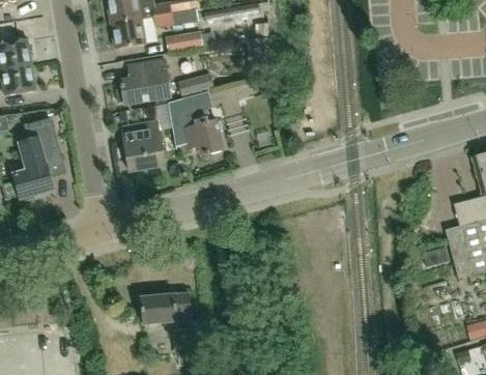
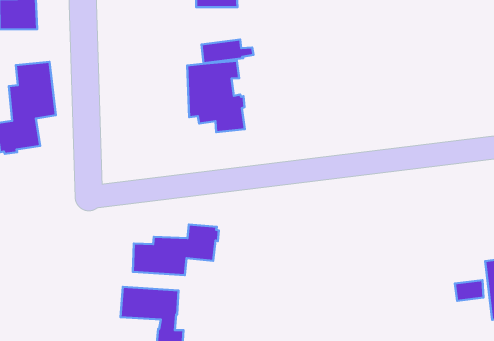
building: [118,58,171,104] -> none
building: [122,120,168,171] -> none
building: none -> [133,224,219,275]

